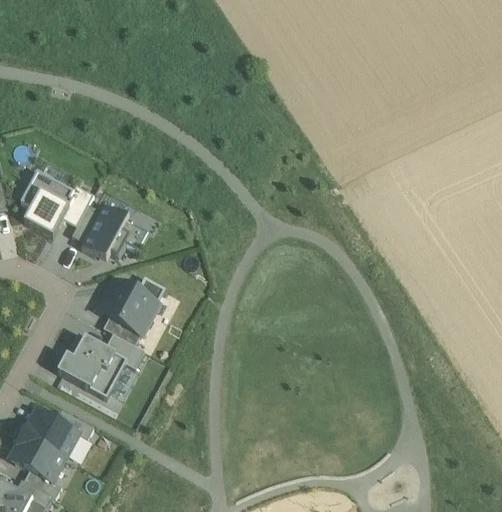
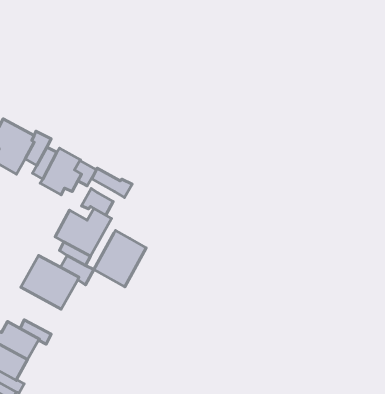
building: none -> [92,168,132,198]
building: none -> [82,189,113,215]
building: none -> [94,231,146,287]

